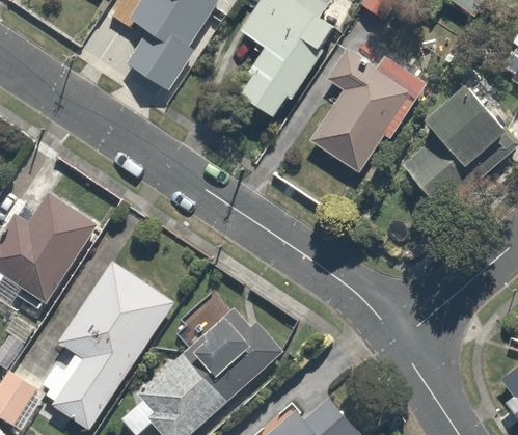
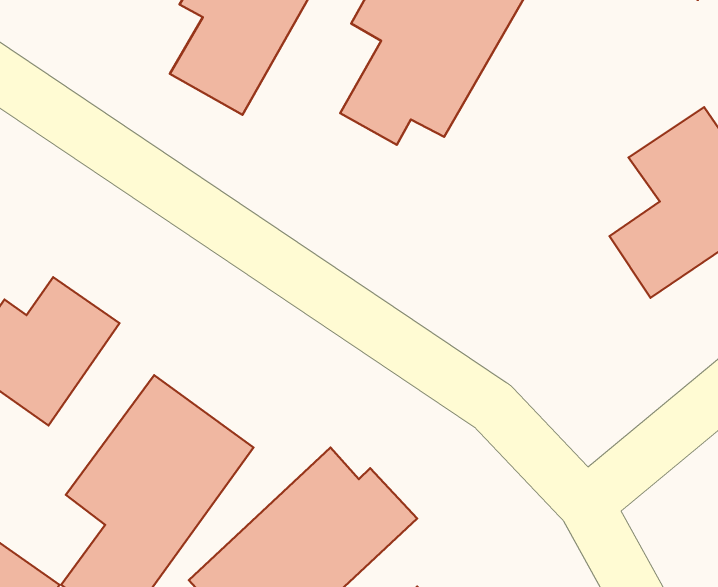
building: [311,46,435,169] -> none

